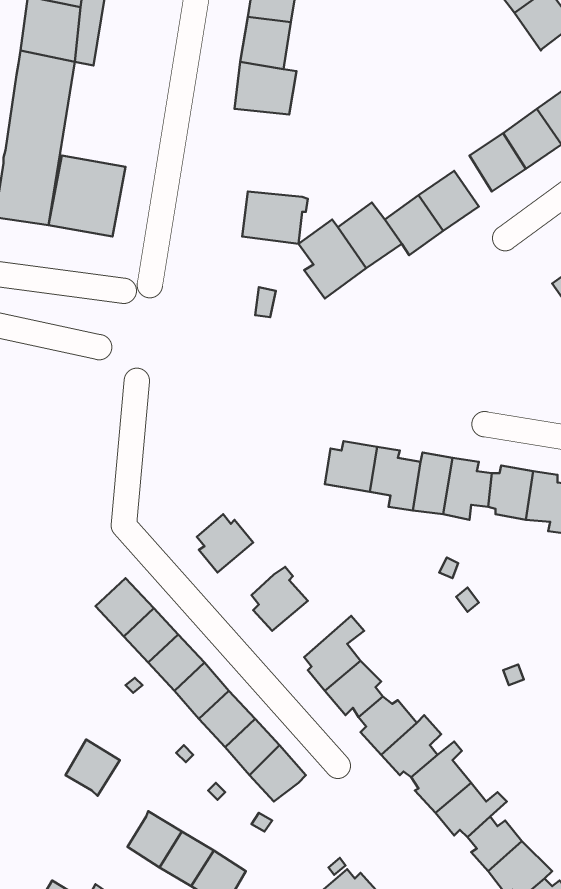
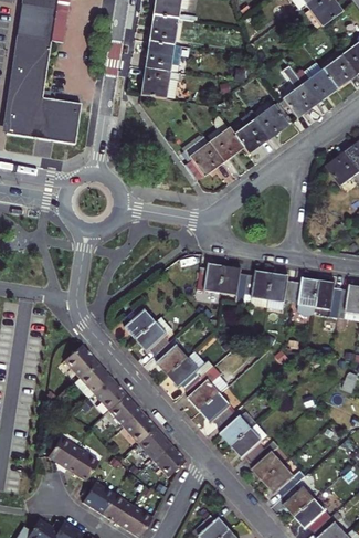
building: [242,191,308,244] -> [141,67,180,98]
building: none -> [135,317,172,354]
building: none -> [167,351,213,390]
building: none -> [64,451,96,483]

